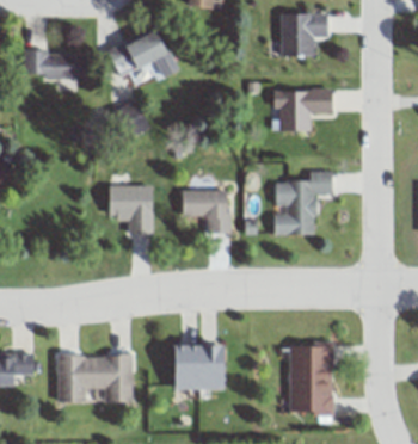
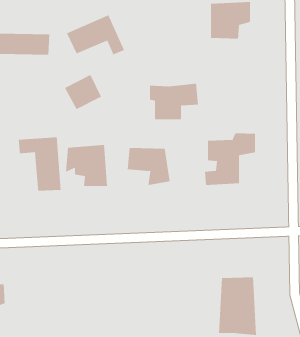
building: [273,88,333,132] -> [149,83,199,120]
building: none -> [18,137,61,191]
building: [174,343,229,390] -> none
building: [54,350,131,405] -> none

